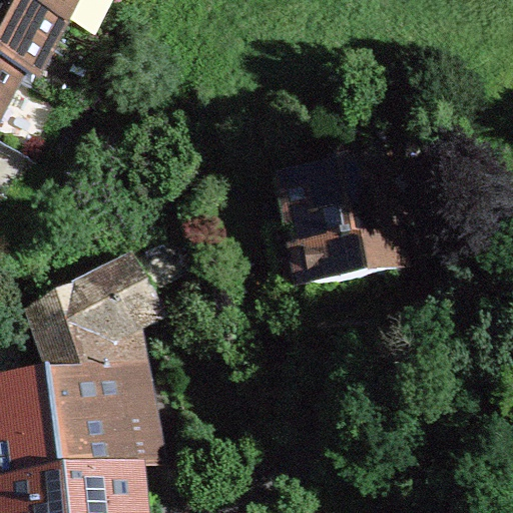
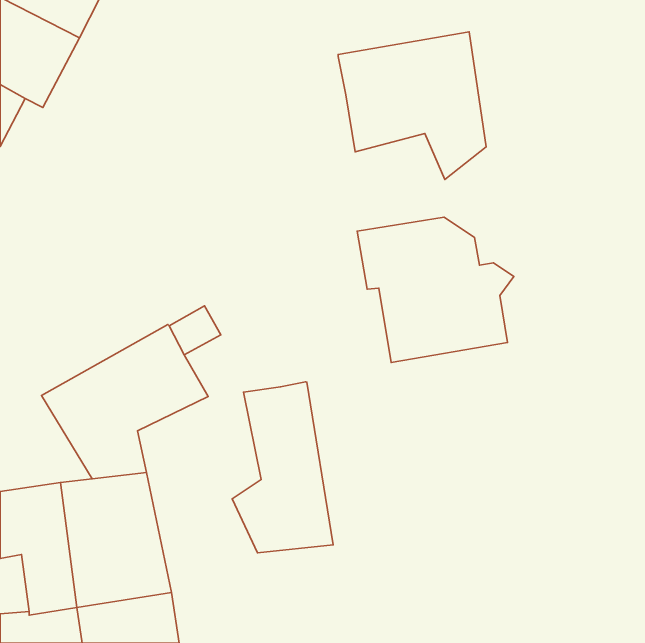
building: none -> [338,32,486,180]
building: none -> [232,382,333,553]

